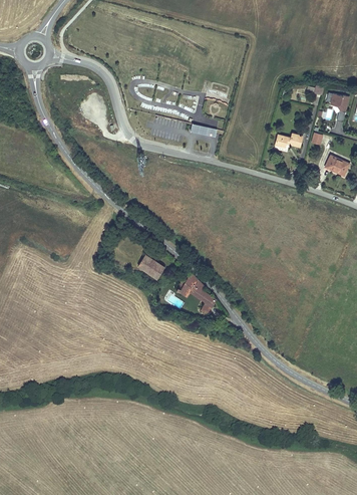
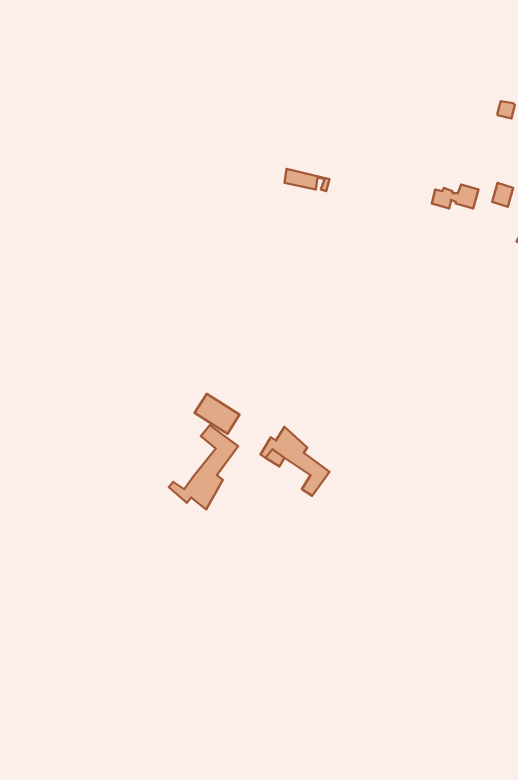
building: none -> [169,425,238,510]

